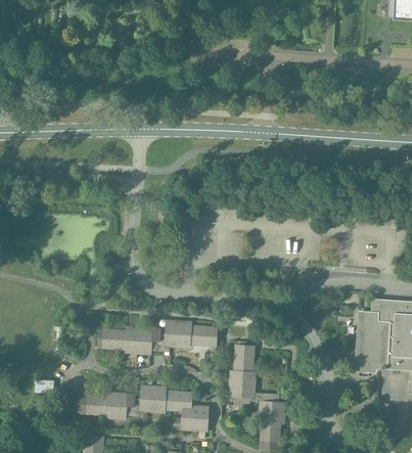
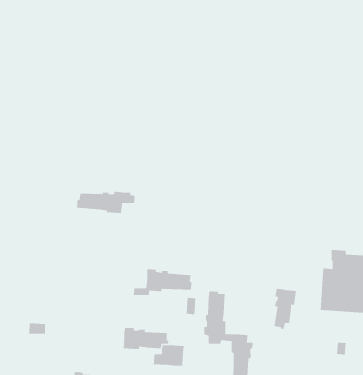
building: [99,327,166,353] -> [76,191,136,214]
building: none -> [274,288,297,330]
building: [63,393,144,418] -> none

